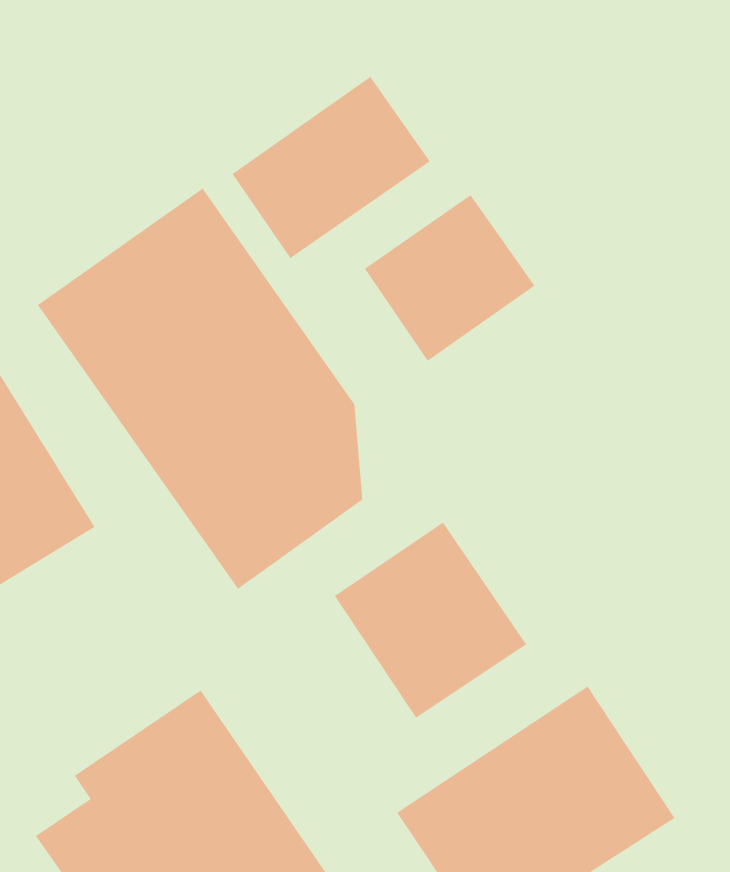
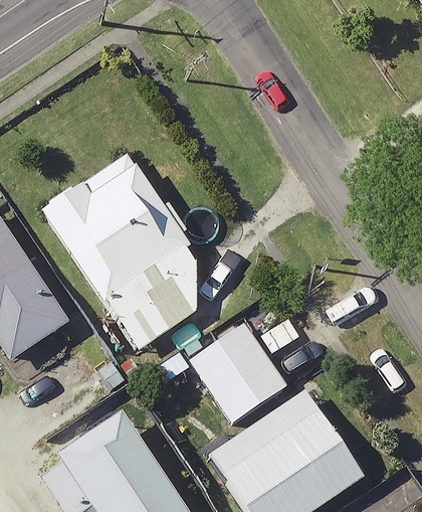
building: [231,76,431,259] -> none
building: [364,194,535,362] -> none

